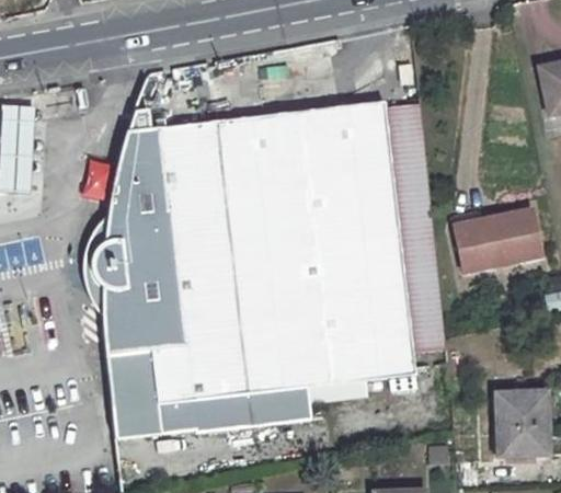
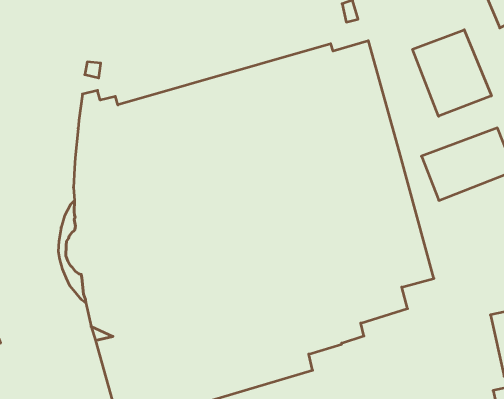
building: none -> [413,30,491,116]

